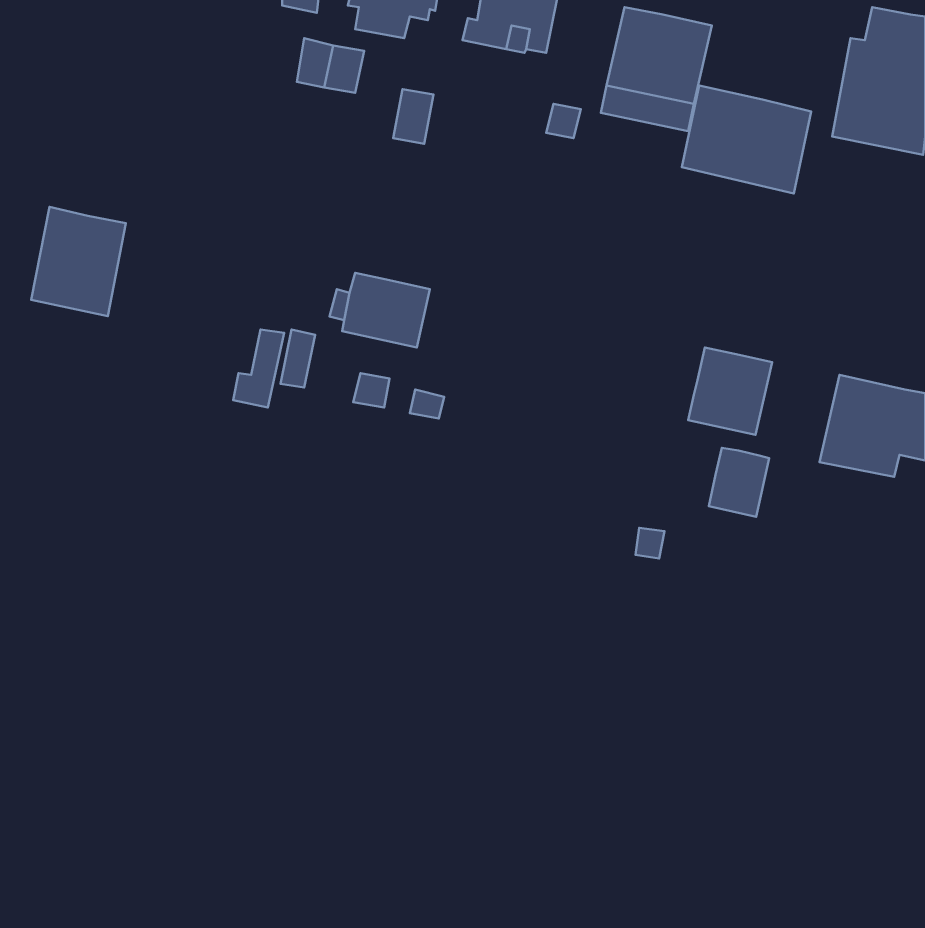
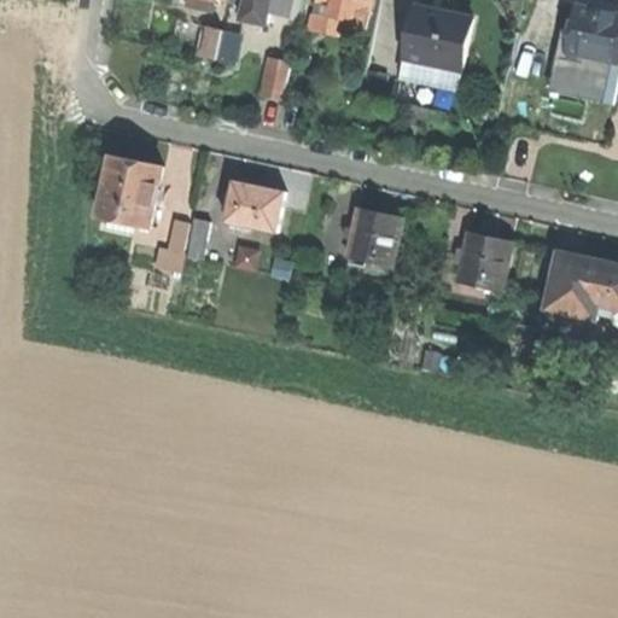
building: [682,85,811,193] -> none
building: [31,207,126,316] -> [98,154,161,227]
building: none -> [346,208,401,264]
building: [709,448,769,517] -> none

